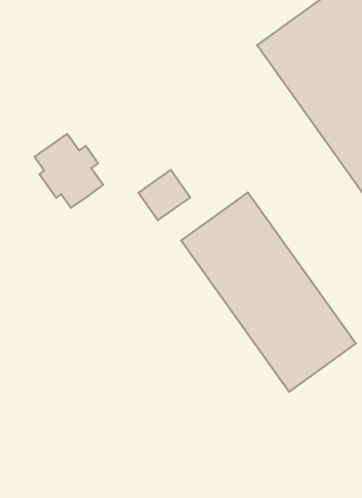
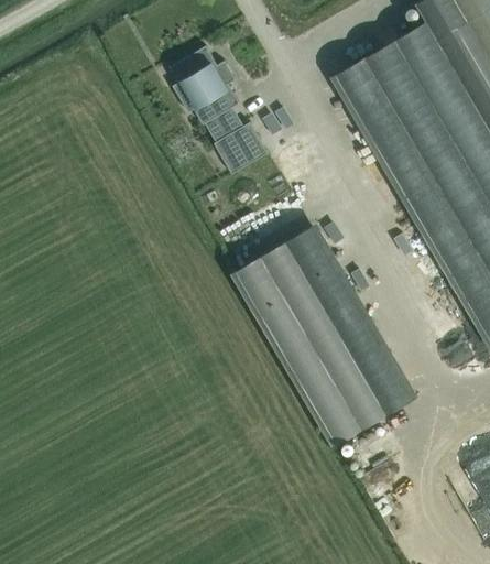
building: [35,134,103,208] -> [167,47,237,126]
building: [139,170,190,220] -> [211,123,265,175]

